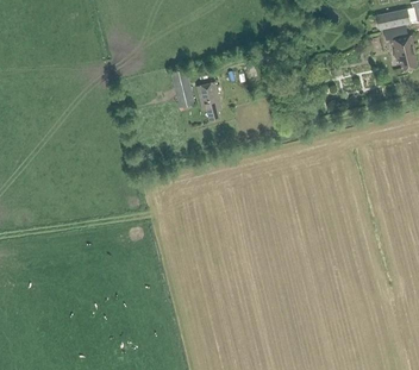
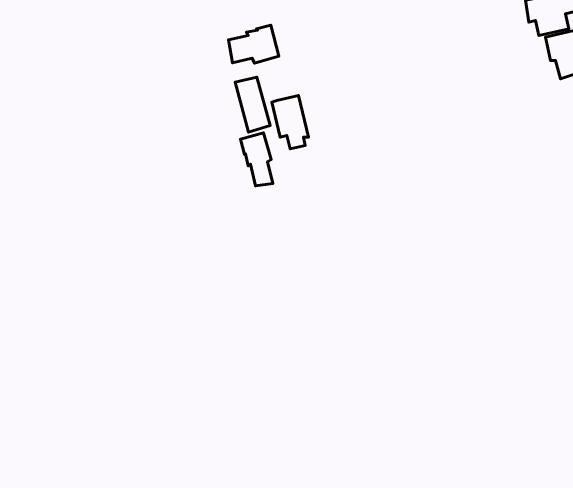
building: none -> [228,25,279,63]
building: none -> [240,133,273,186]

